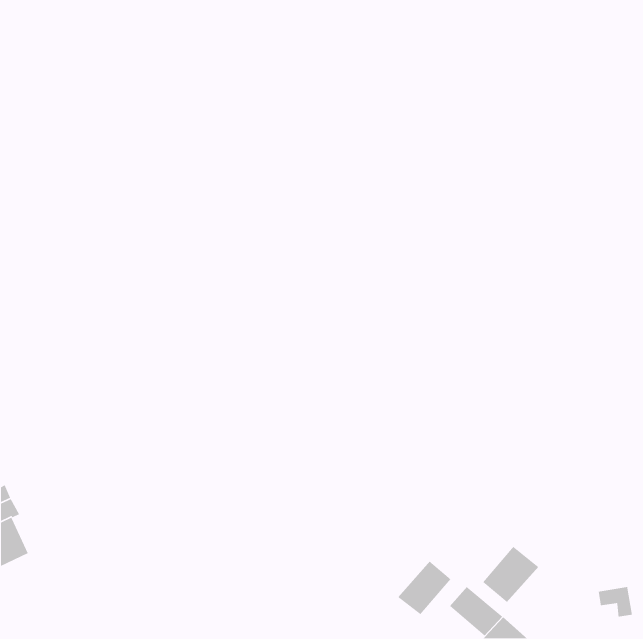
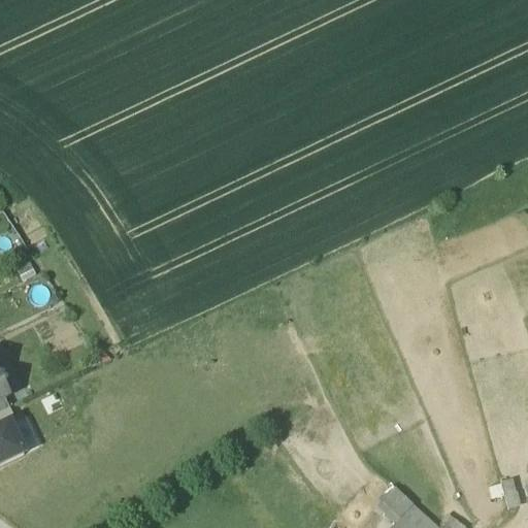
building: [482,546,539,603] -> none
building: [397,561,452,615] -> none

